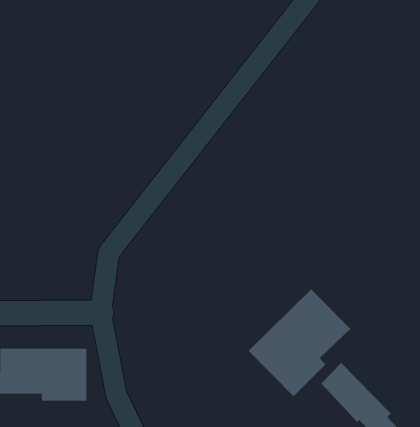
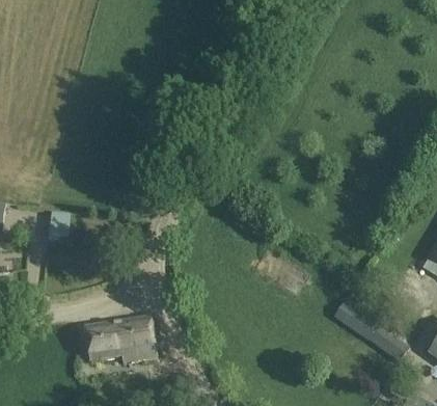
building: [248,289,351,397] -> none

